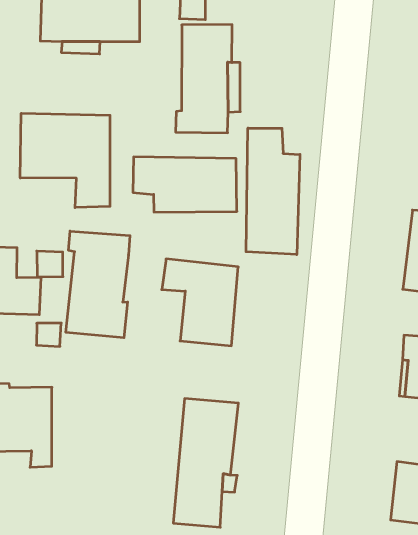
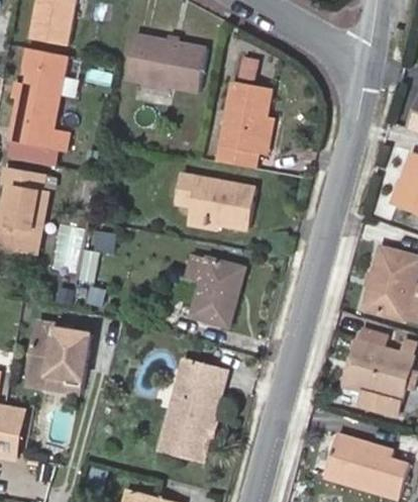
building: [20,113,110,208] -> none
building: [246,128,300,255] -> none
building: [66,231,130,338] -> none

